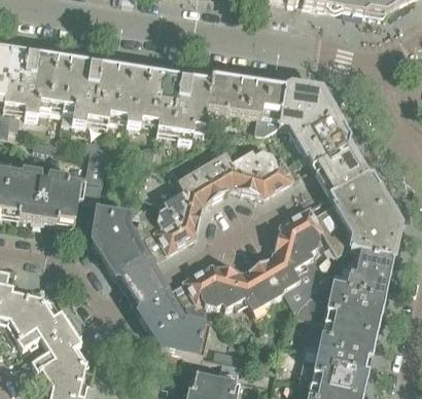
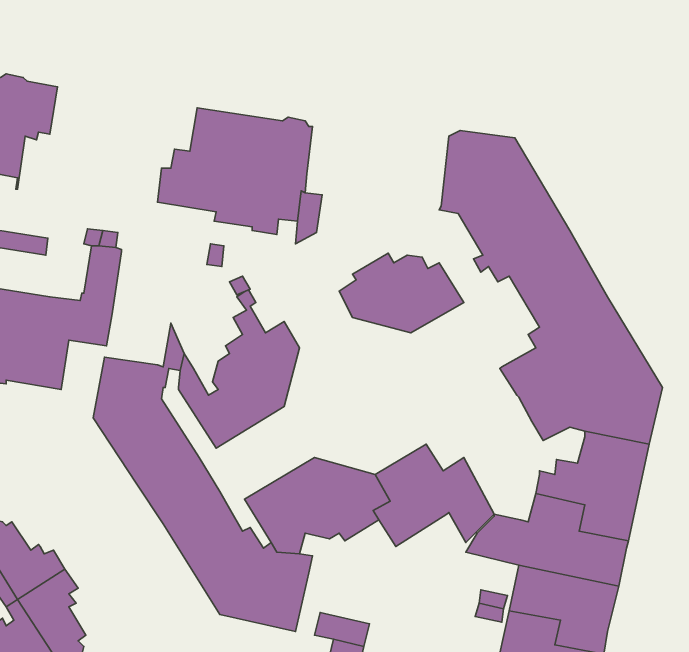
building: [50,58,148,124] -> none
building: [208,72,285,124] -> none
building: [177,150,235,202] -> none
building: [273,205,337,292] -> none

